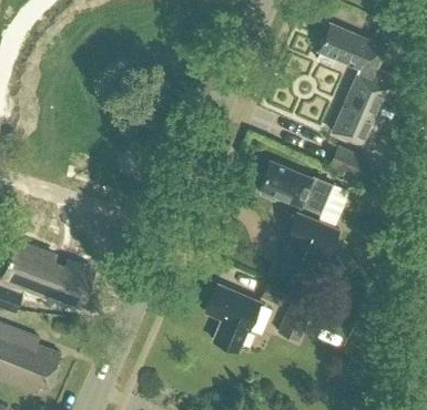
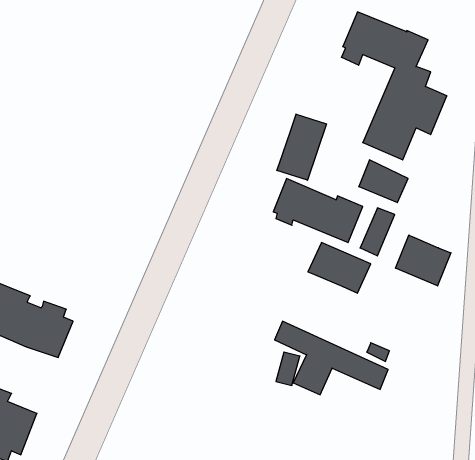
building: none -> [277,114,327,180]
building: none -> [396,235,451,286]
building: [205,285,260,350] -> none

